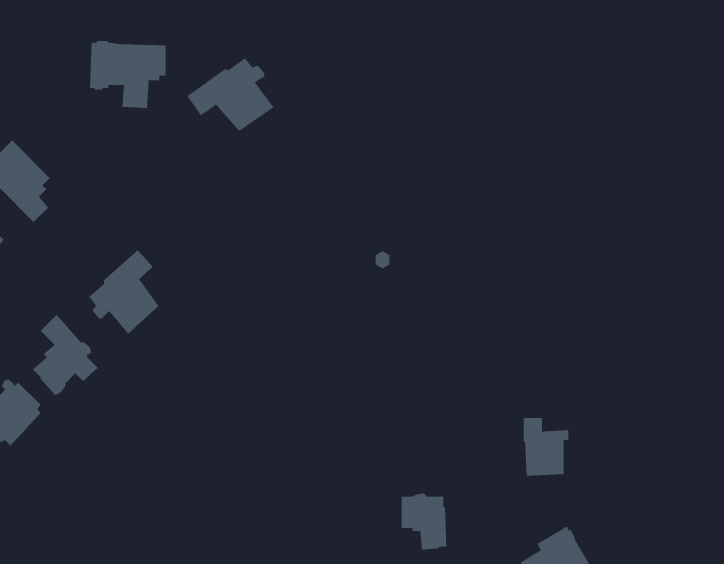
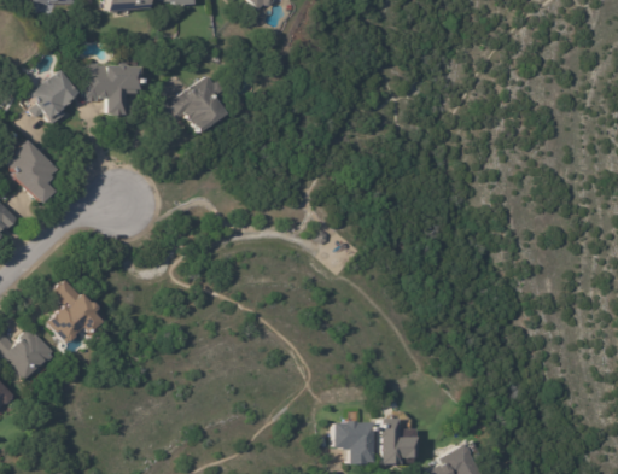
building: none -> [31,70,83,124]
building: [88,250,159,334] -> none
building: [523,417,569,476] -> [380,416,416,462]

